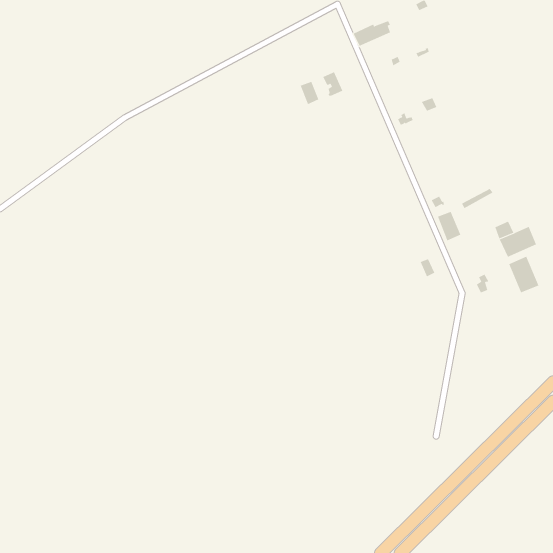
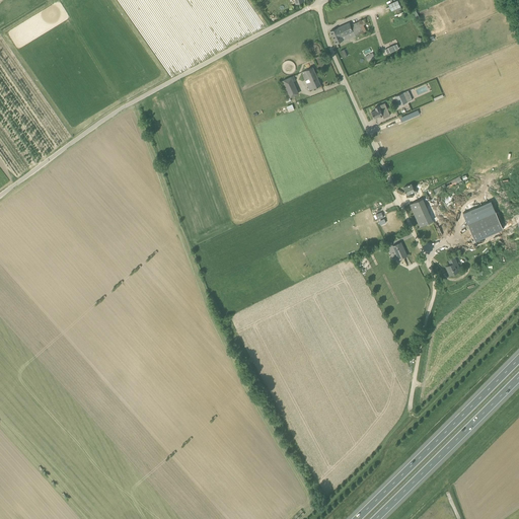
building: [509,256,539,293] -> none

